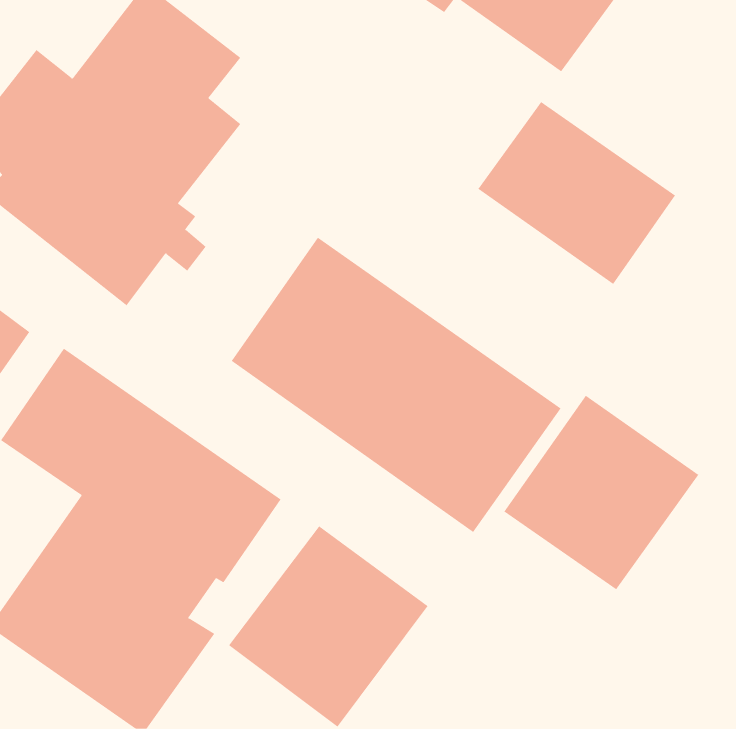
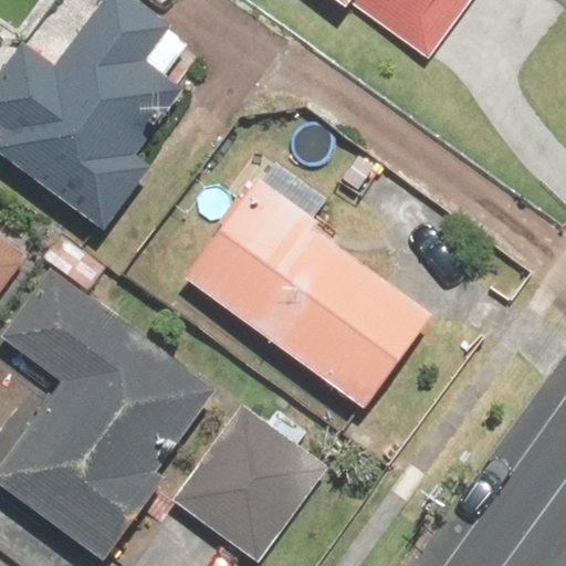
building: [478,101,676,285] -> none
building: [504,395,699,590] -> none

